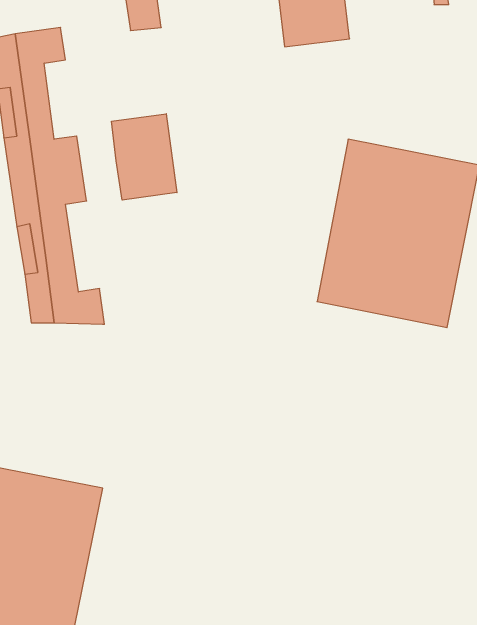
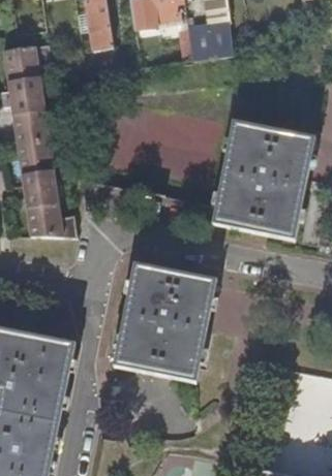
building: [112,114,177,200] -> none
building: none -> [113,263,217,382]

